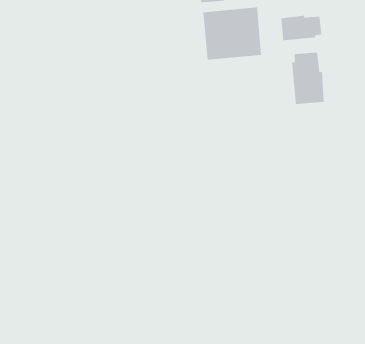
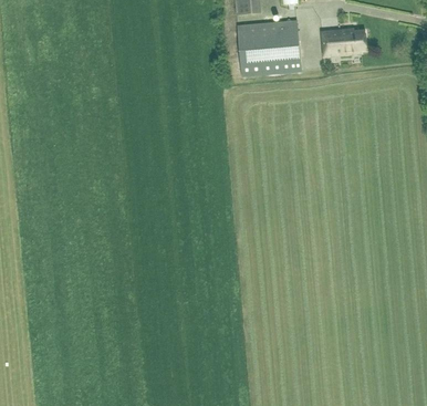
building: [292,52,324,105] -> none

